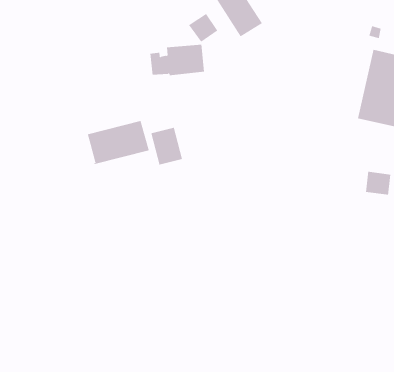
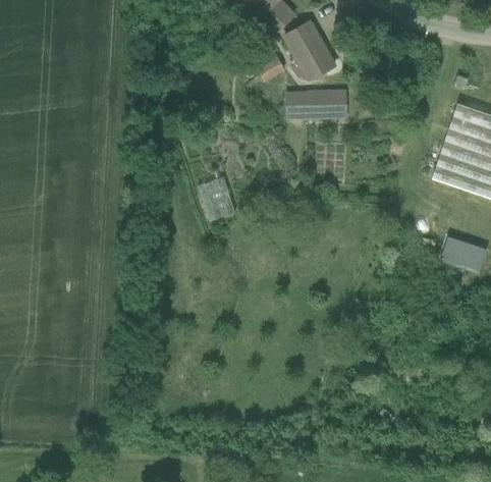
building: [149,44,205,76] -> [285,87,346,120]
building: [87,120,149,165] -> none

